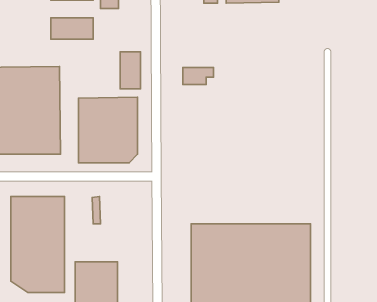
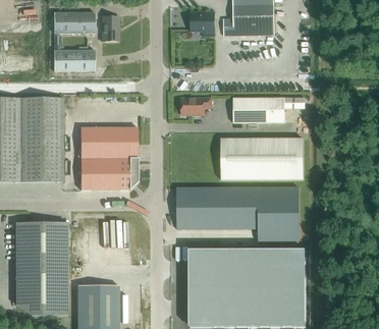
building: [120,52,140,89] -> none
building: none -> [233,98,305,122]
building: none -> [221,138,304,179]
building: none -> [176,187,299,240]

